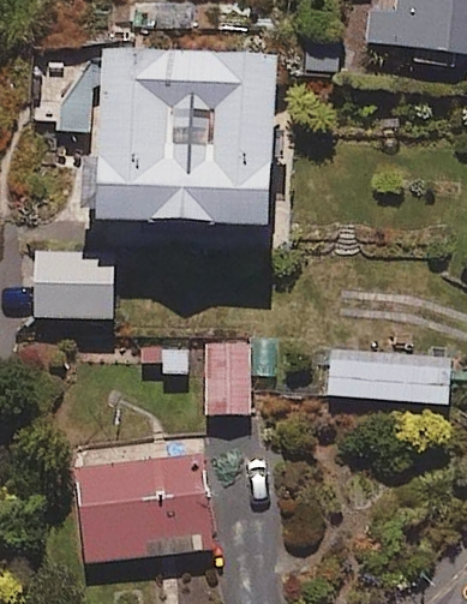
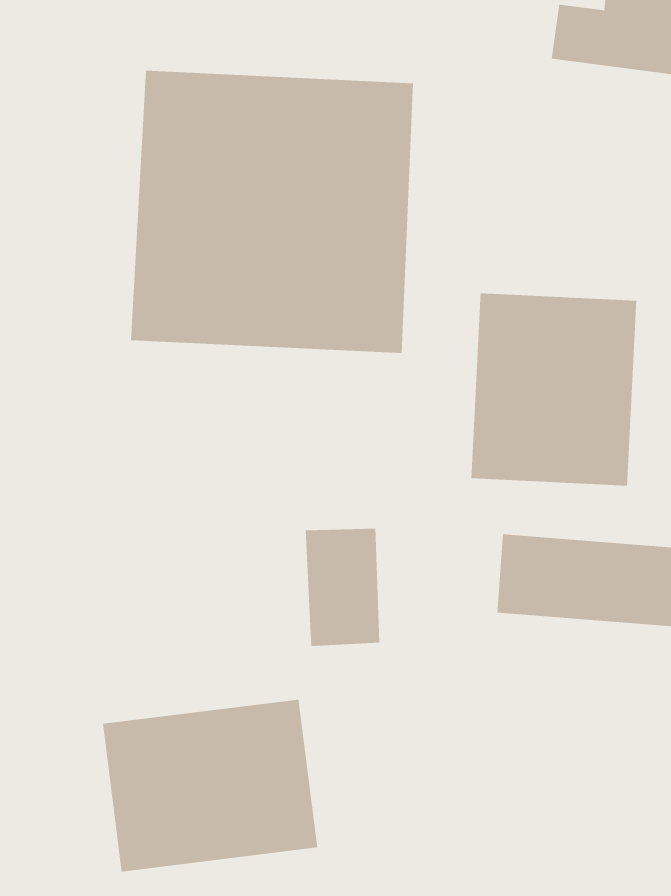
building: none -> [471,293,637,486]
building: [36,246,113,318] -> none

